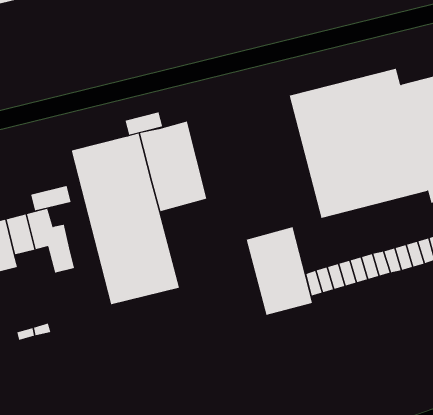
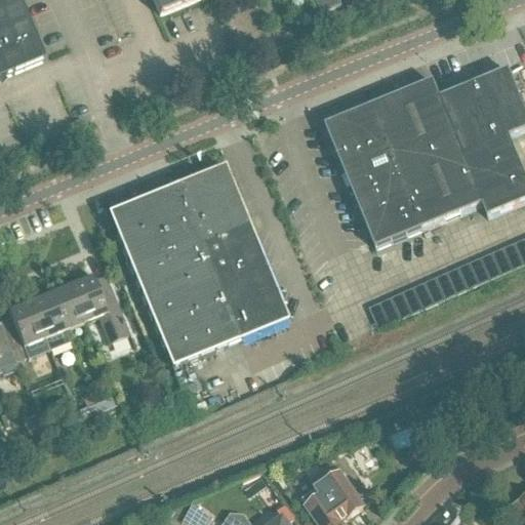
building: [125,112,163,136] -> none
building: [31,185,71,211] -> none
building: [246,226,313,315] -> [209,240,288,336]

